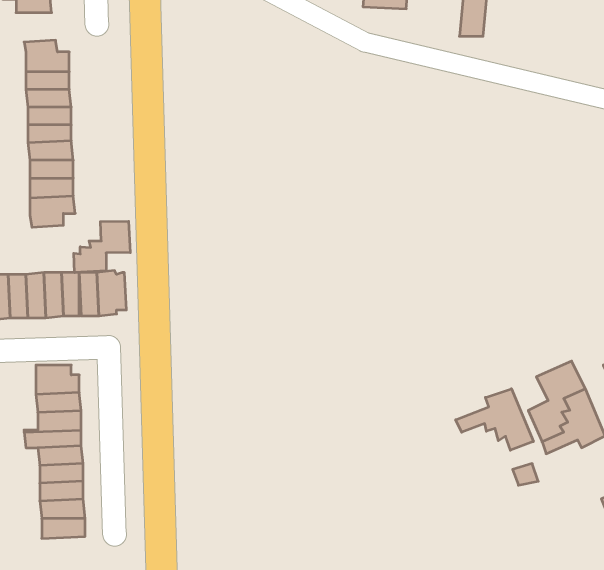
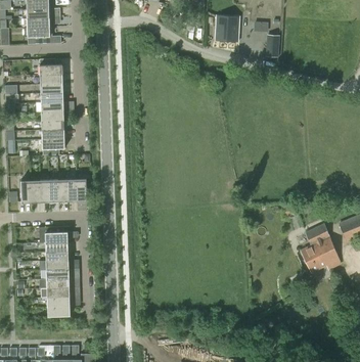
building: [74,221,130,273] -> none
building: [456,389,533,450] -> none

